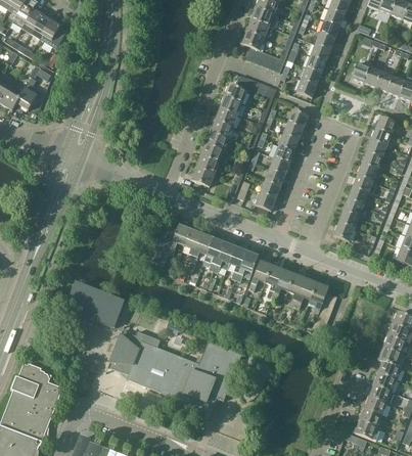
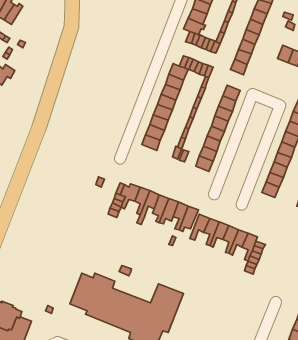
building: [40,15,67,47] -> none
building: [66,282,124,326] -> none

